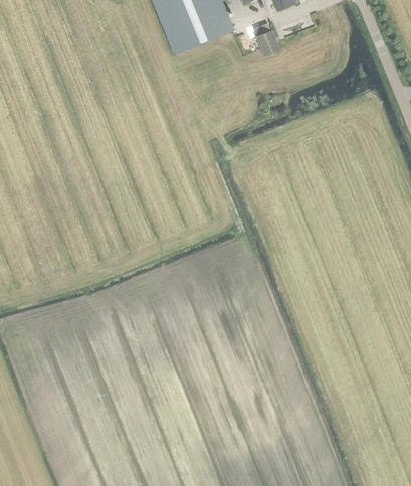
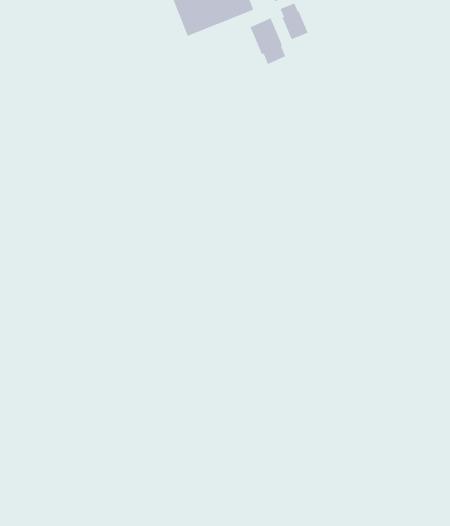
building: none -> [250,17,286,65]

